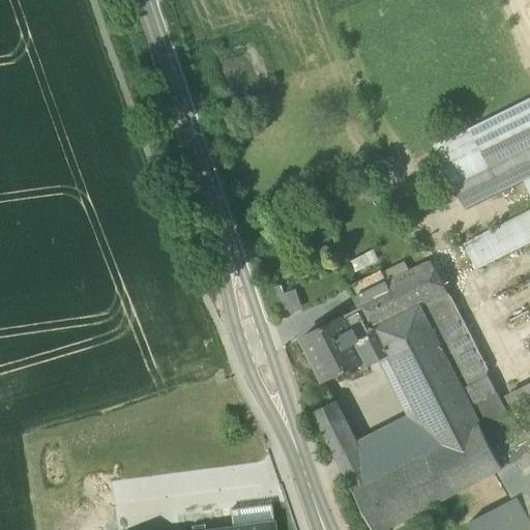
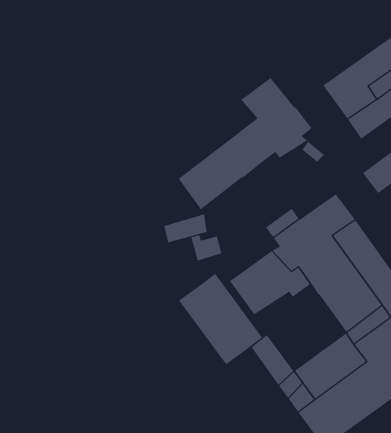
building: none -> [178,77,313,210]
building: none -> [164,213,207,243]
building: none -> [178,273,263,365]

